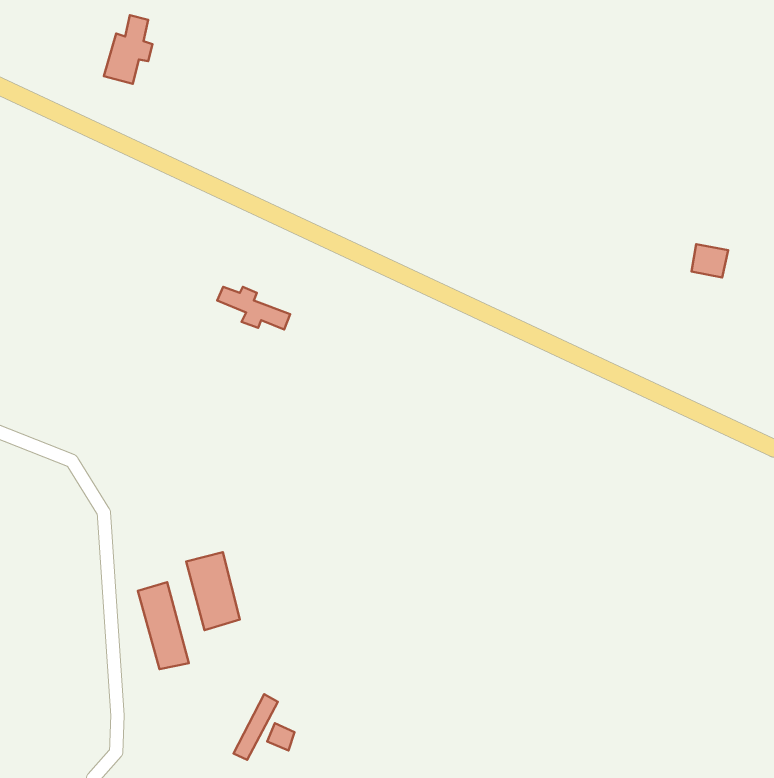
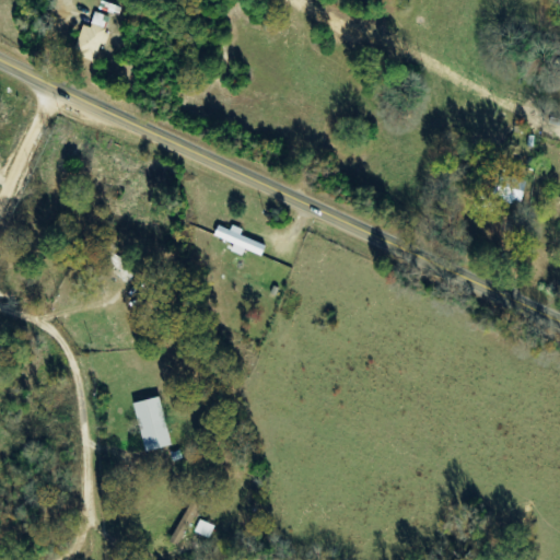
building: [217,287,290,329] -> [213,225,266,256]
building: [138,582,189,669] -> none

